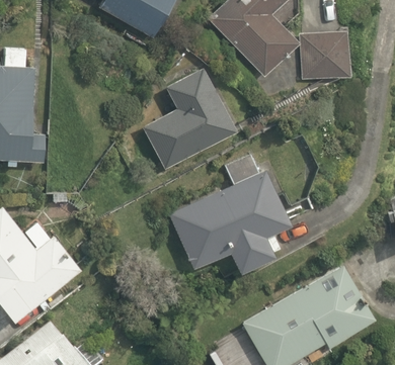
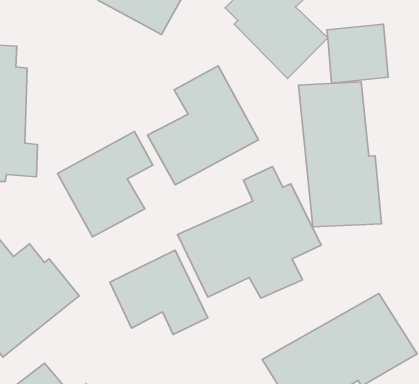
building: none -> [298,82,381,227]
building: none -> [57,131,153,237]
building: none -> [110,250,208,335]

